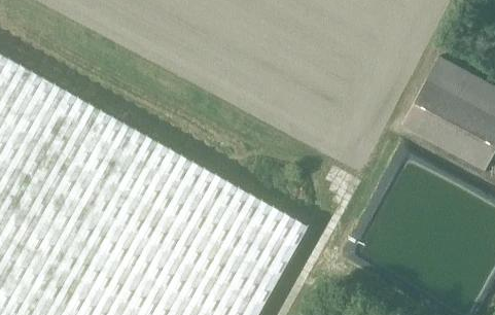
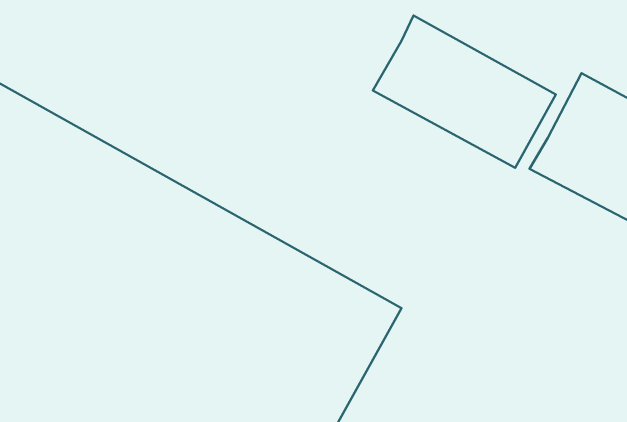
building: none -> [373,15,556,168]

